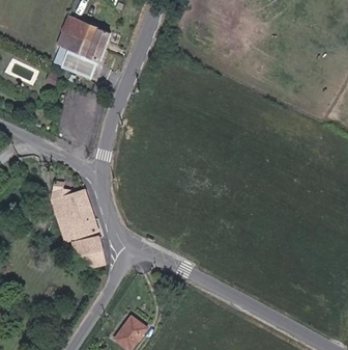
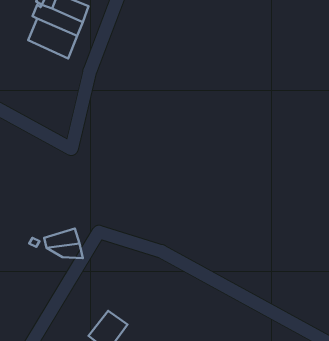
building: [50,184,96,243] -> none

